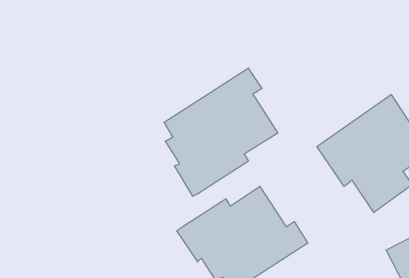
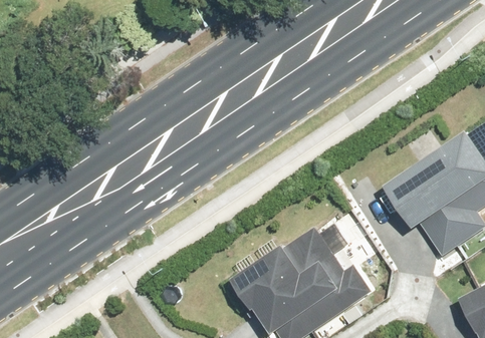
building: [164,68,278,196] -> none

